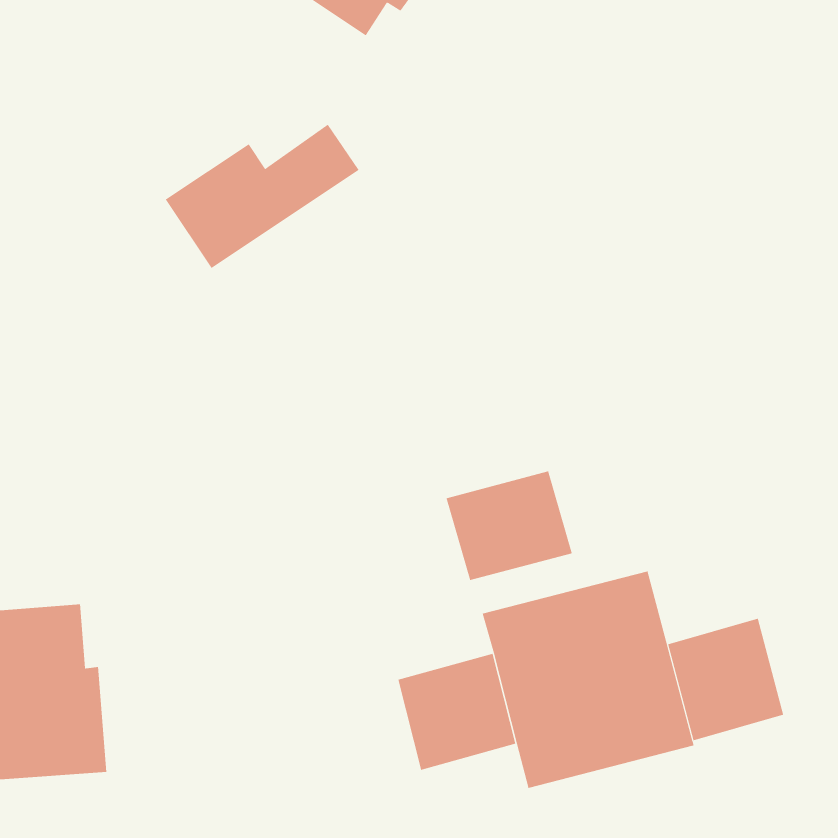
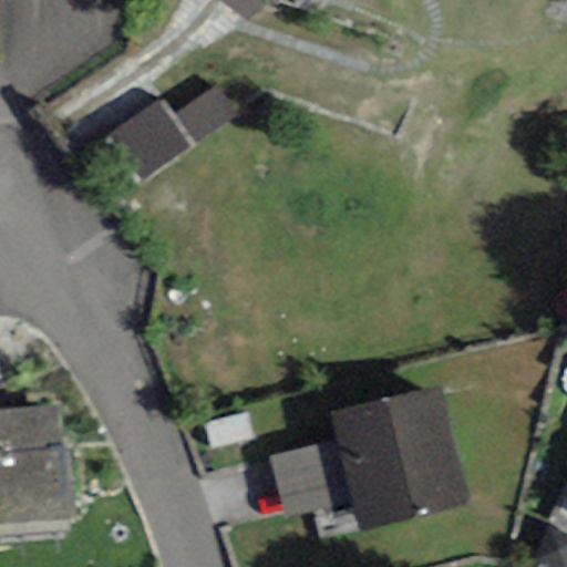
building: [446,471,573,581] -> none
building: [668,618,784,741] -> none

